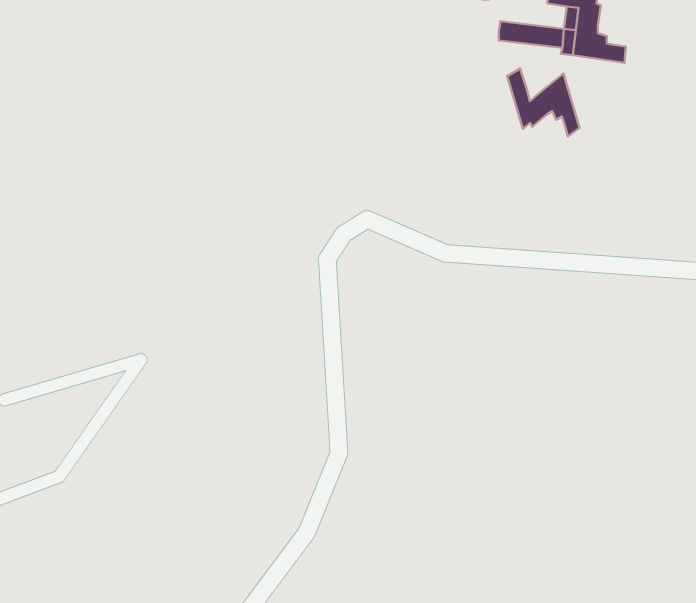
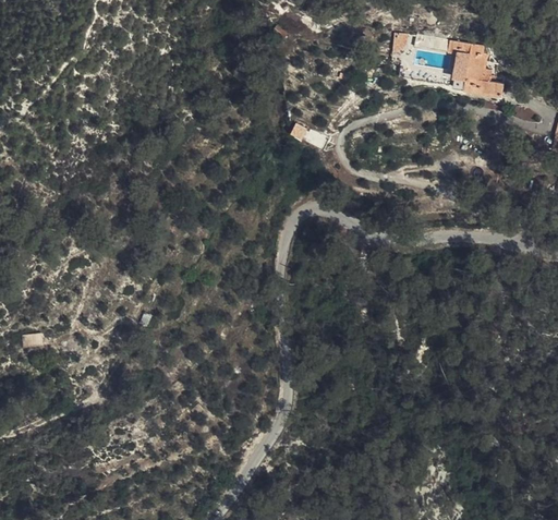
building: [507,68,580,137] -> none

